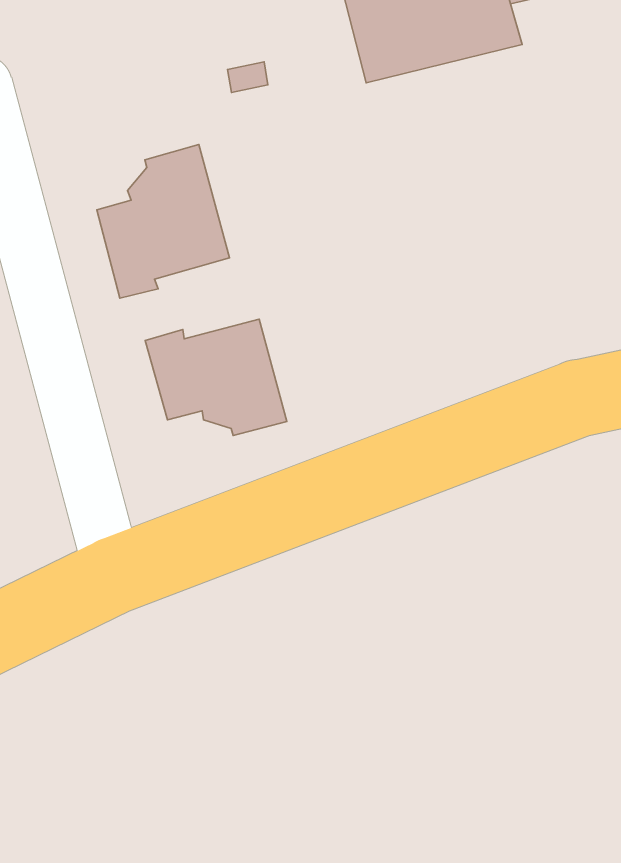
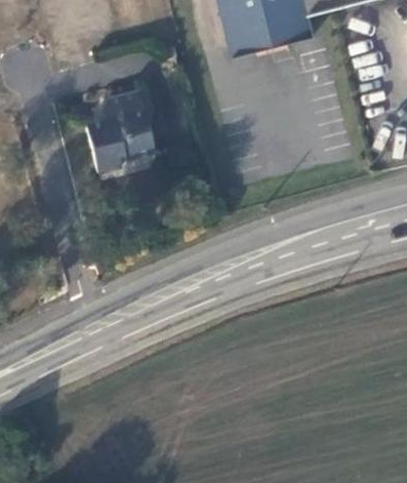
building: [145,319,287,435] -> none

